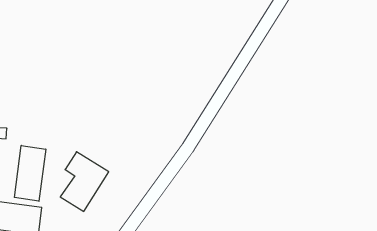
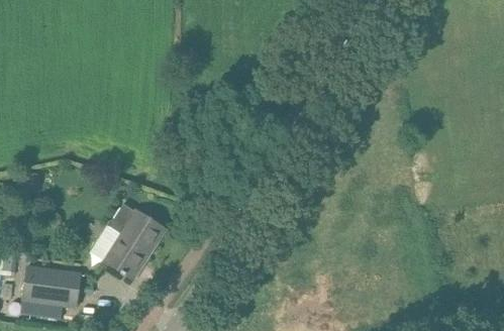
building: [14,145,46,201] -> none

